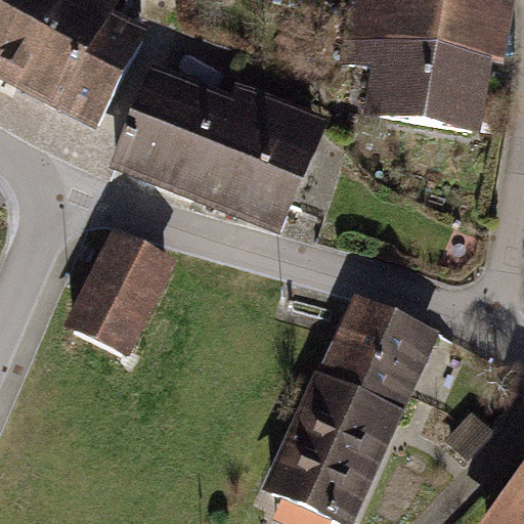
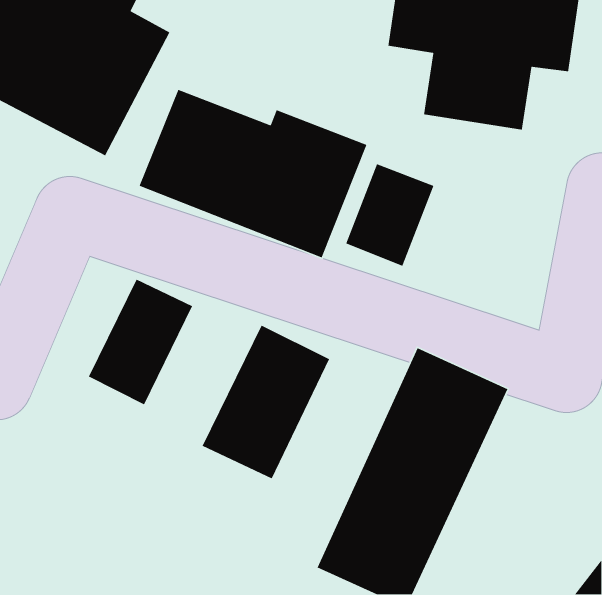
building: none -> [345,163,435,267]
building: none -> [202,324,330,480]

